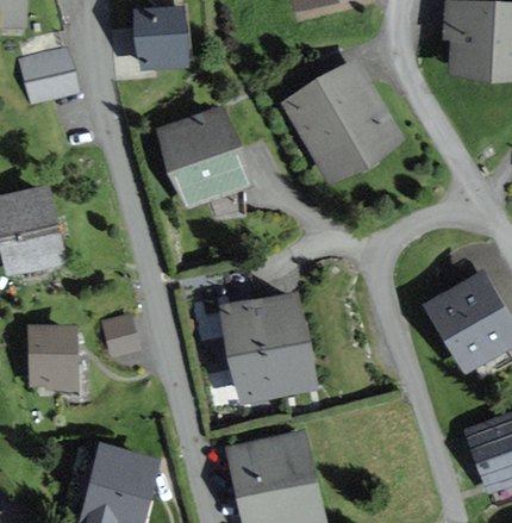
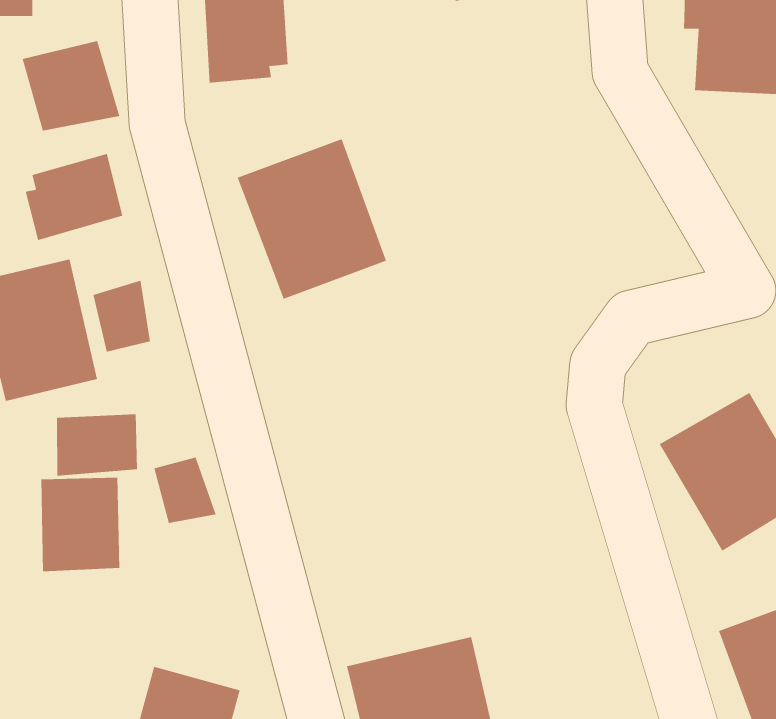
building: [280,61,404,186] -> none
building: none -> [25,153,123,241]
building: none -> [93,280,150,352]
building: none -> [57,413,137,477]
building: [221,291,318,403] -> none

